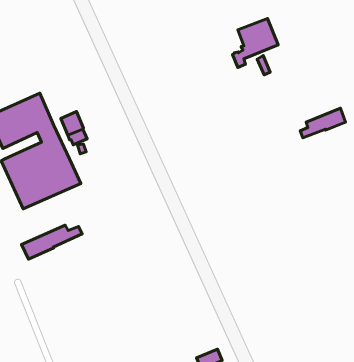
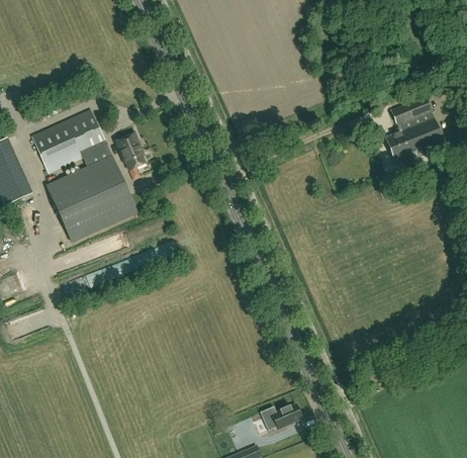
building: [232,19,278,68] -> [385,96,438,153]
building: [21,225,82,259] -> none

